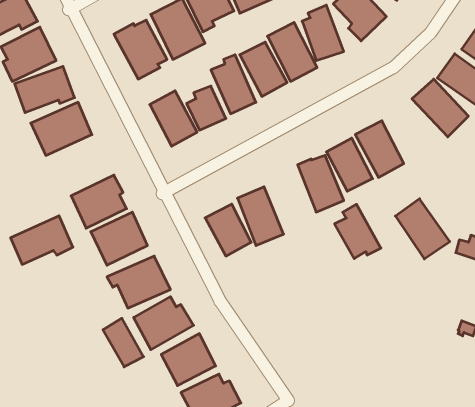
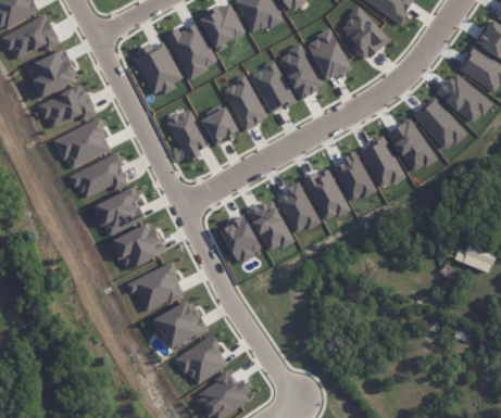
building: [395,199,450,259] -> [386,117,437,174]
building: [335,204,381,259] -> [276,181,320,232]
building: [11,216,73,264] -> [70,153,128,199]
building: [103,318,144,367] -> none

